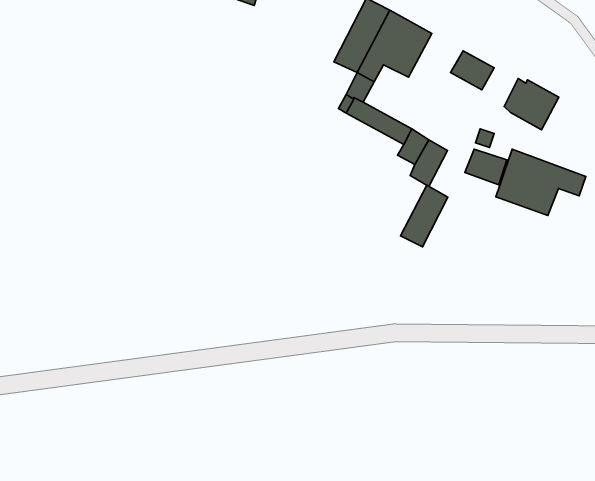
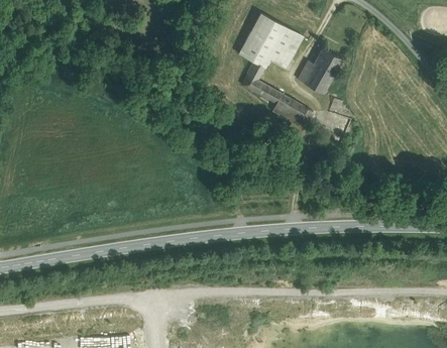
building: [504,78,559,130] -> [300,61,335,94]
building: [496,149,586,216] -> none
building: [400,185,448,247] -> none

